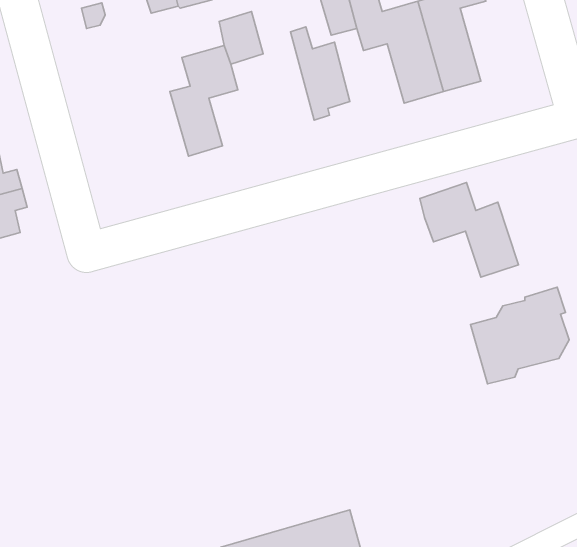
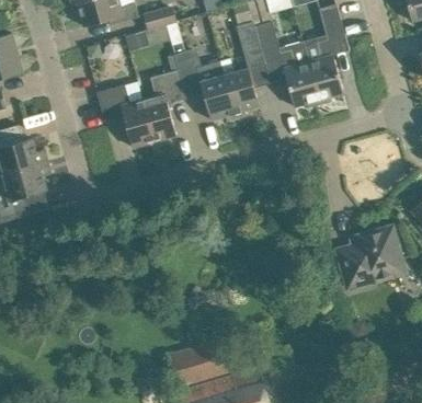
building: none -> [199,60,236,119]
building: none -> [96,83,155,147]
building: [420,182,519,277] -> none
building: none -> [169,337,237,385]

